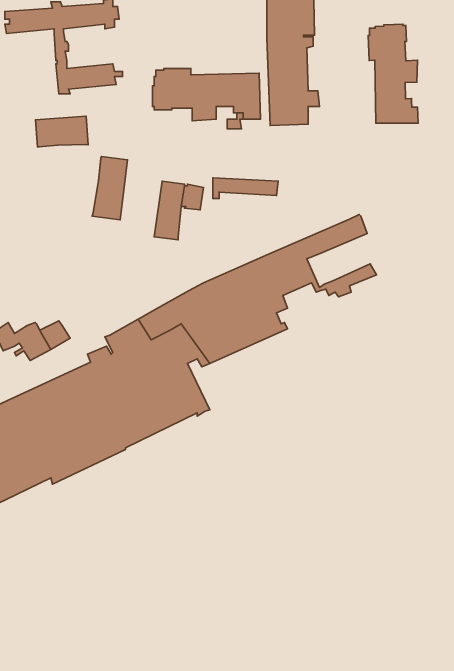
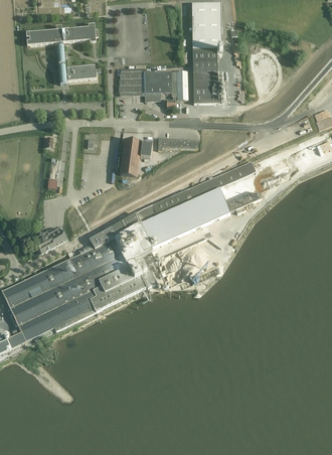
building: [368,24,418,123] -> none
building: [36,116,88,147] -> none
building: [92,156,128,220] -> none

